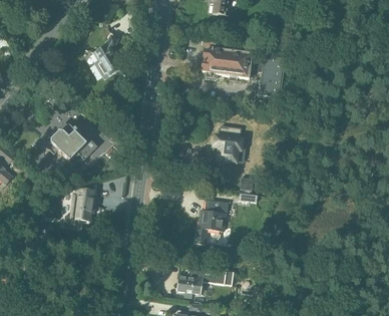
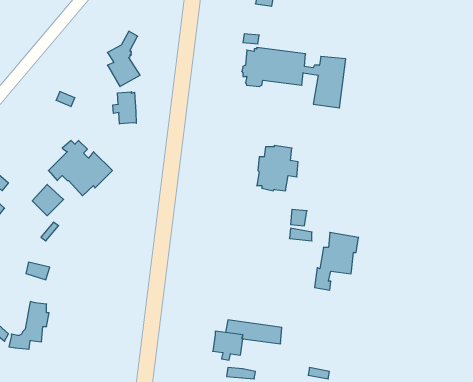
building: none -> [113,92,136,124]
building: [63,188,95,226] -> [9,302,49,349]
building: [193,198,229,244] -> [315,232,359,290]

